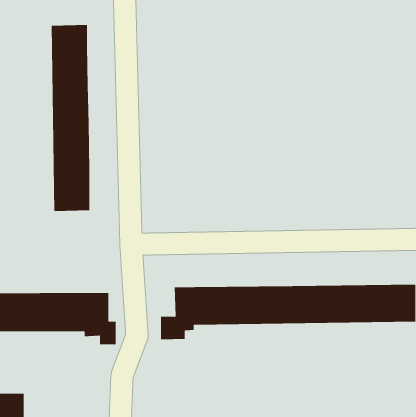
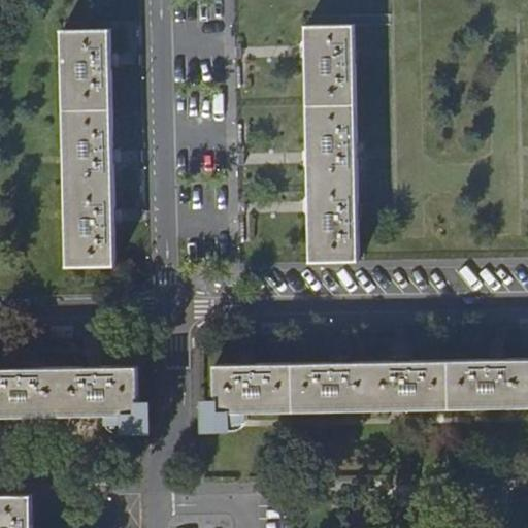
building: none -> [304,28,355,265]

